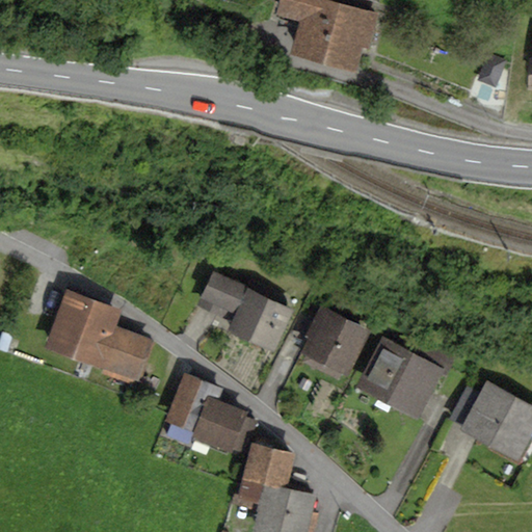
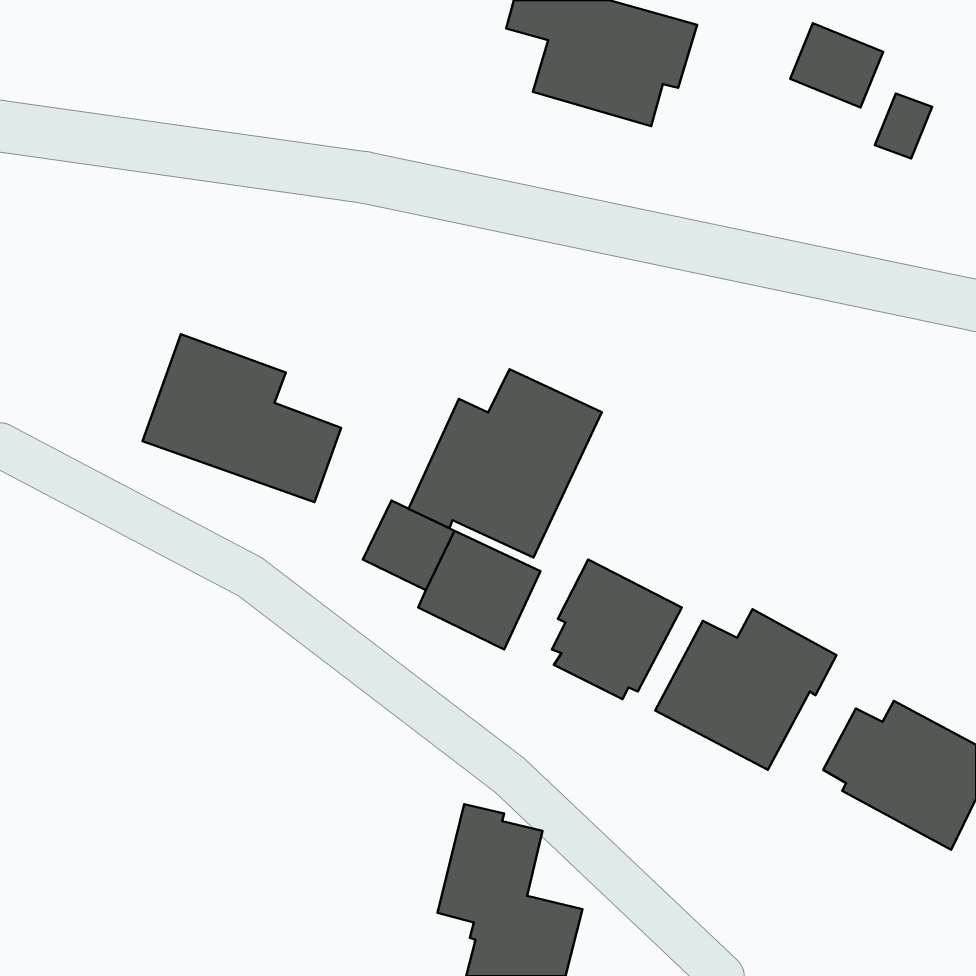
building: none -> [790,23,883,108]
building: none -> [409,369,602,557]
building: [45,289,153,380] -> [143,334,341,502]
building: [164,372,258,453] -> none

